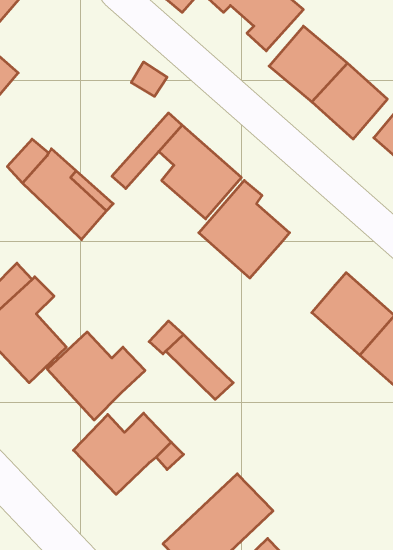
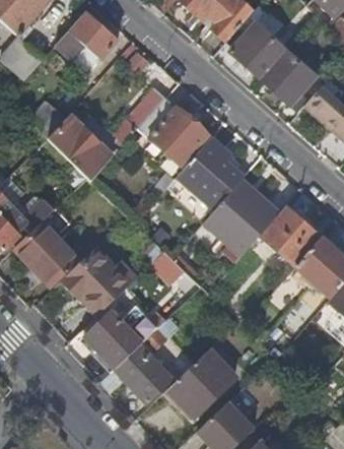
building: none -> [56,11,117,58]
building: none -> [205,181,277,252]
building: none -> [100,344,173,402]

